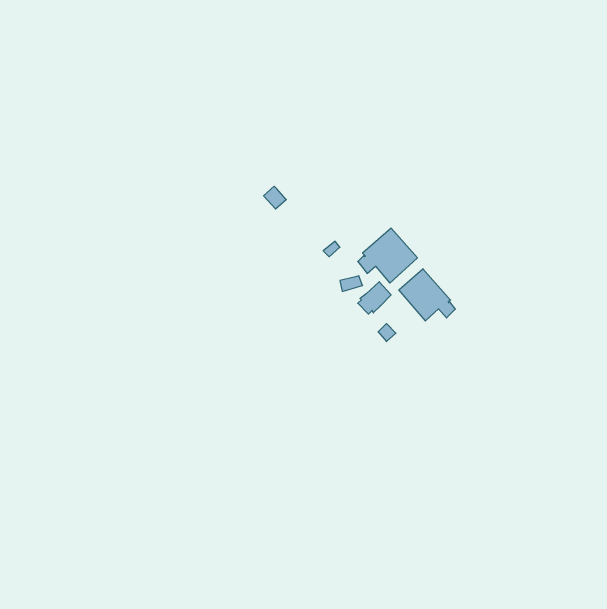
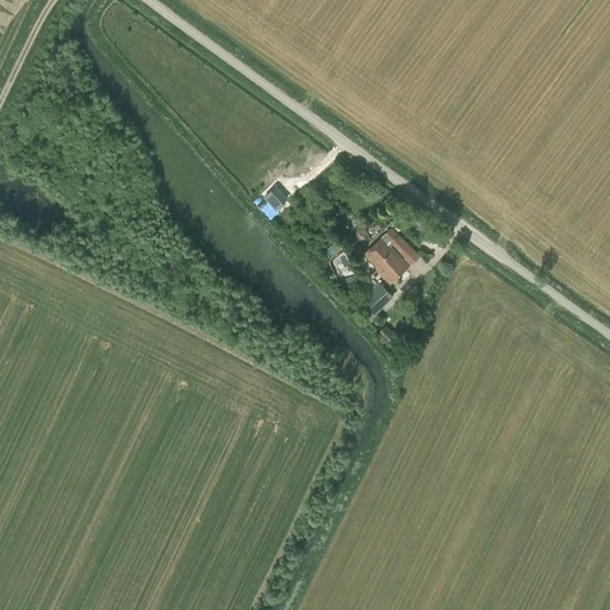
building: [399,269,455,321] -> none

